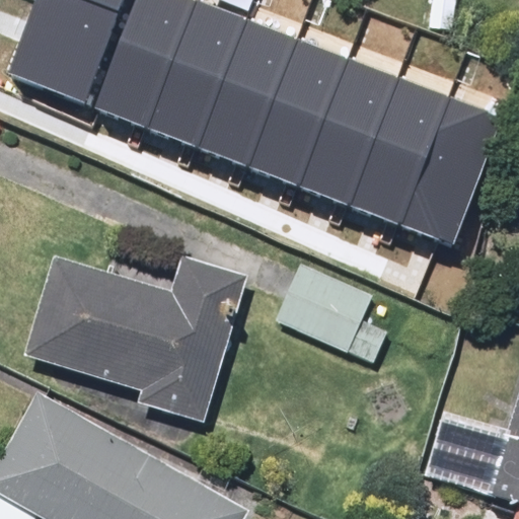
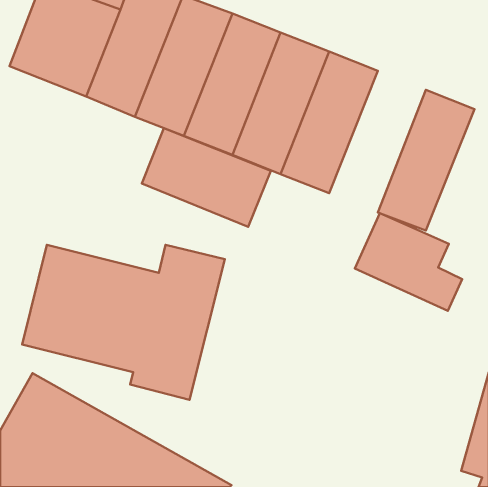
building: [350,75,452,225] -> none
building: none -> [142,128,271,227]
building: [272,267,385,370] -> [355,213,462,311]

